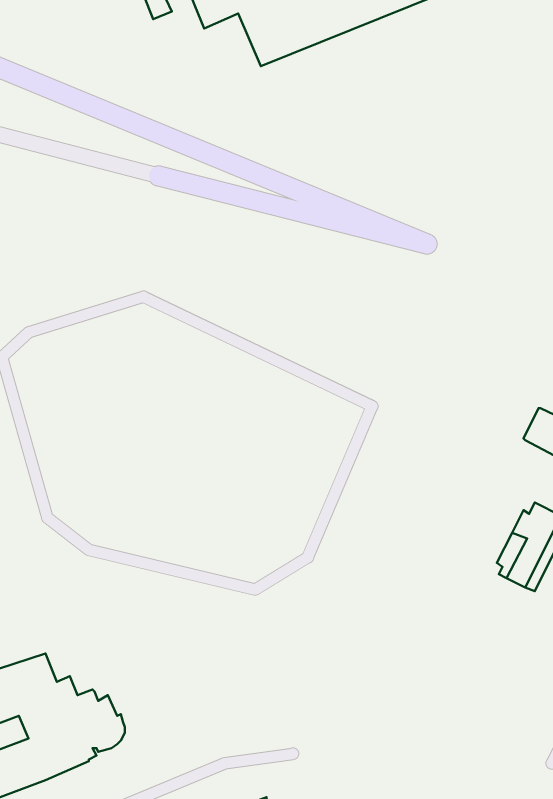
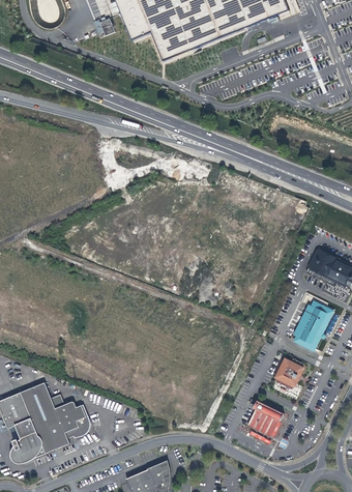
building: none -> [274,357,303,388]
building: none -> [246,400,284,435]

